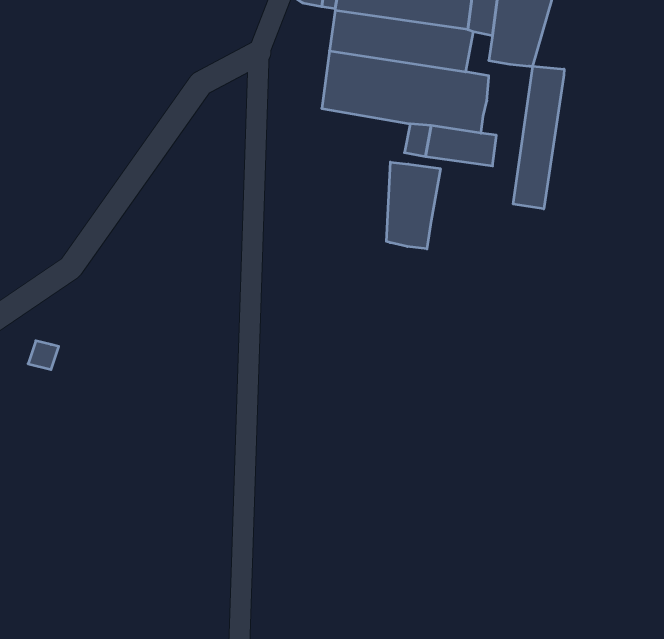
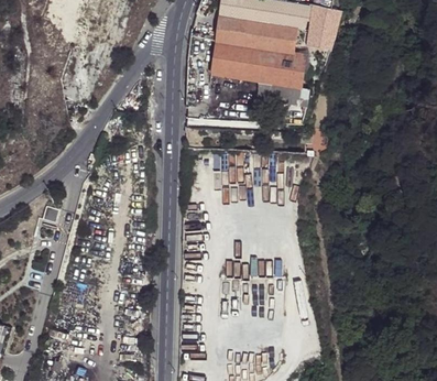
building: [513,66,564,209] -> none
building: [386,162,440,249] -> none

